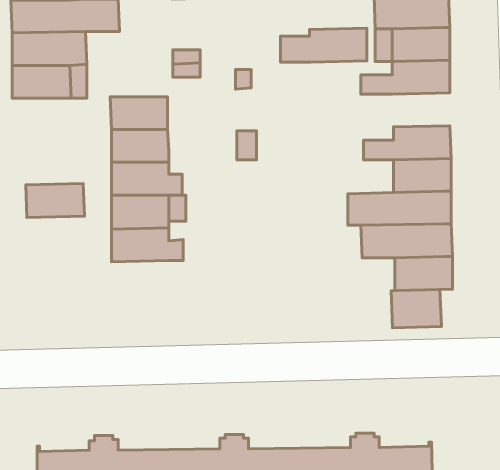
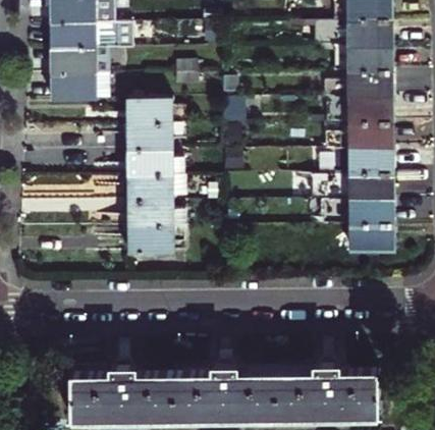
building: [281,28,367,62] -> [325,99,392,125]
building: [26,183,84,217] -> [128,229,174,256]
building: [391,290,441,328] -> none

